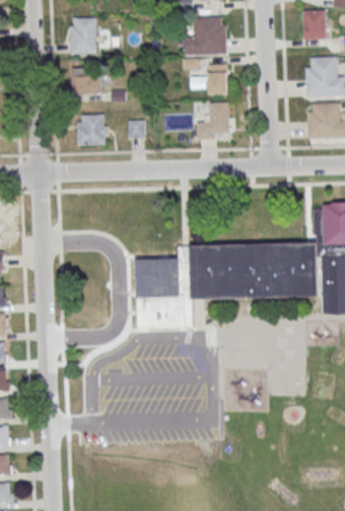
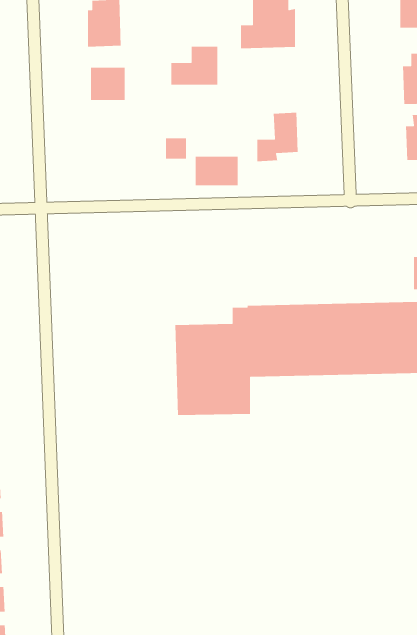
building: [191,64,226,93] -> [170,46,218,85]
building: [76,115,107,145] -> none
building: none -> [195,156,239,186]

